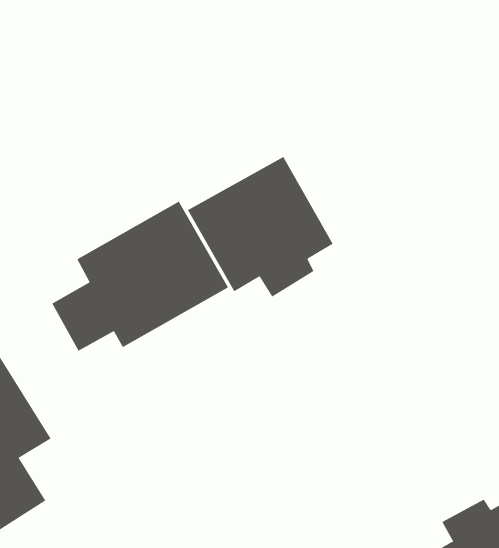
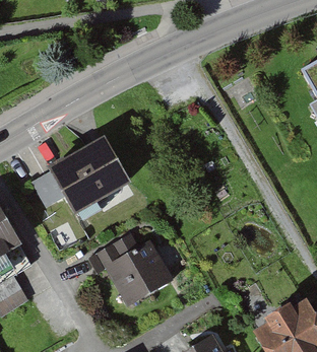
building: [187,156,334,298] -> none
building: none -> [75,234,172,312]

